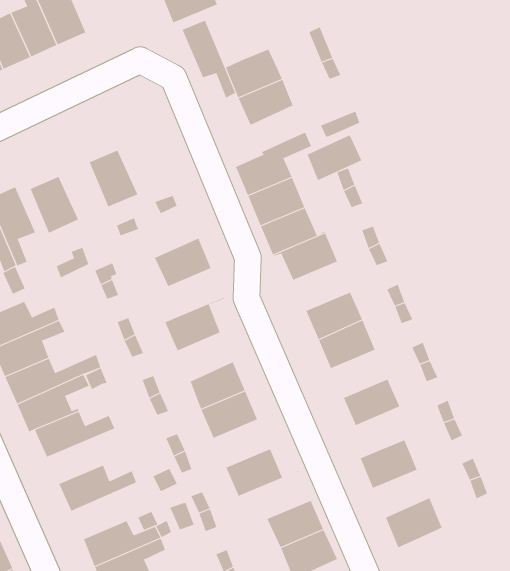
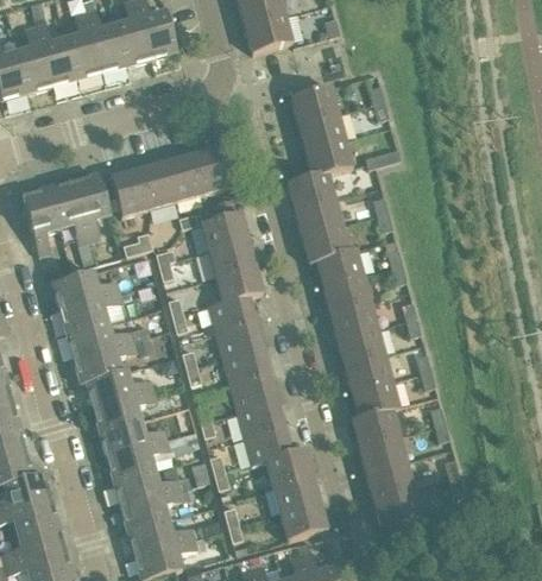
building: [182,20,236,98] -> none
building: [307,134,362,181] -> [305,137,352,172]
building: none -> [190,146,228,194]
building: none -> [137,160,175,208]
building: none -> [201,211,248,250]
building: none -> [323,274,371,312]
building: none -> [208,265,263,305]
building: none -> [216,321,263,359]
building: none -> [345,354,392,391]
building: none -> [352,405,399,444]
building: none -> [237,399,284,436]
building: none -> [93,390,157,430]
building: none -> [366,461,414,498]
building: none -> [251,448,313,485]
building: none -> [107,438,170,480]

